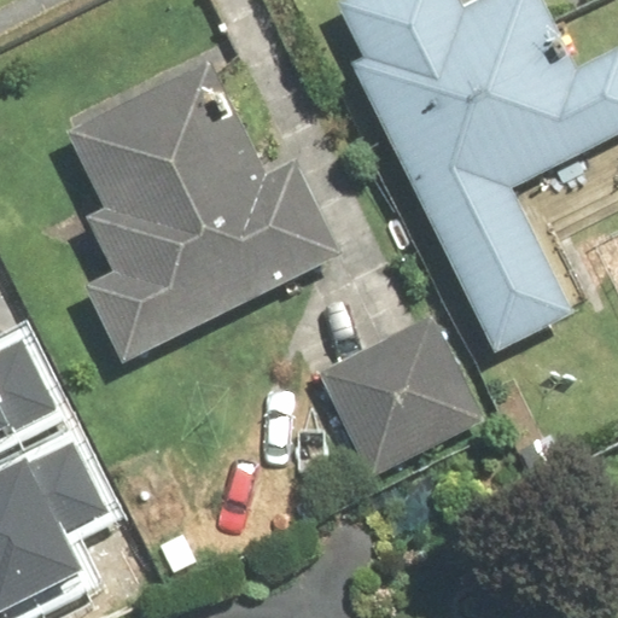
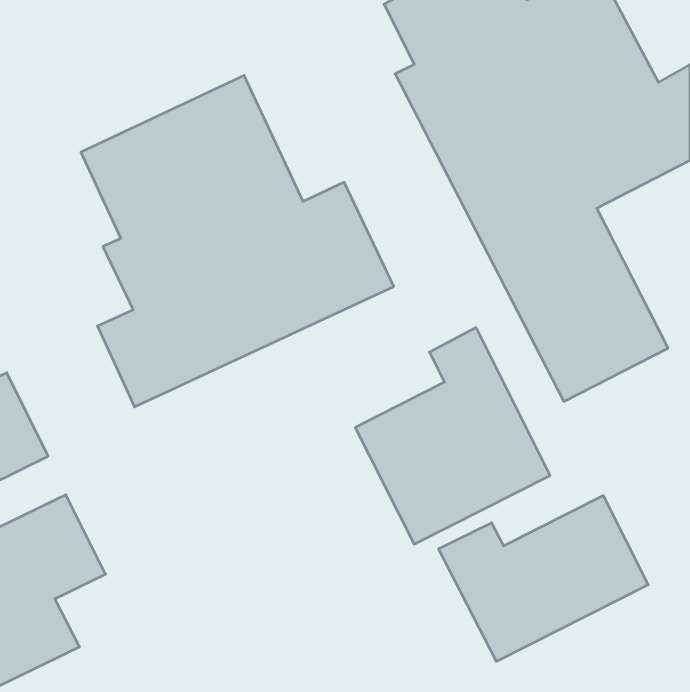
building: none -> [439,496,648,661]

